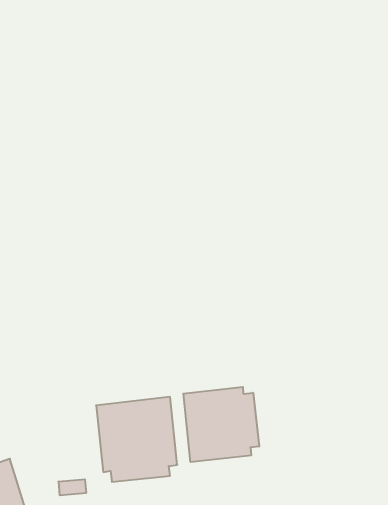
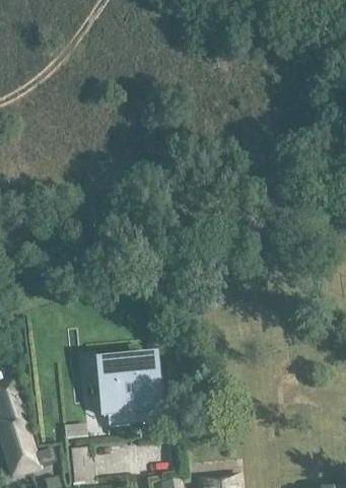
building: [183,387,259,462] -> none

